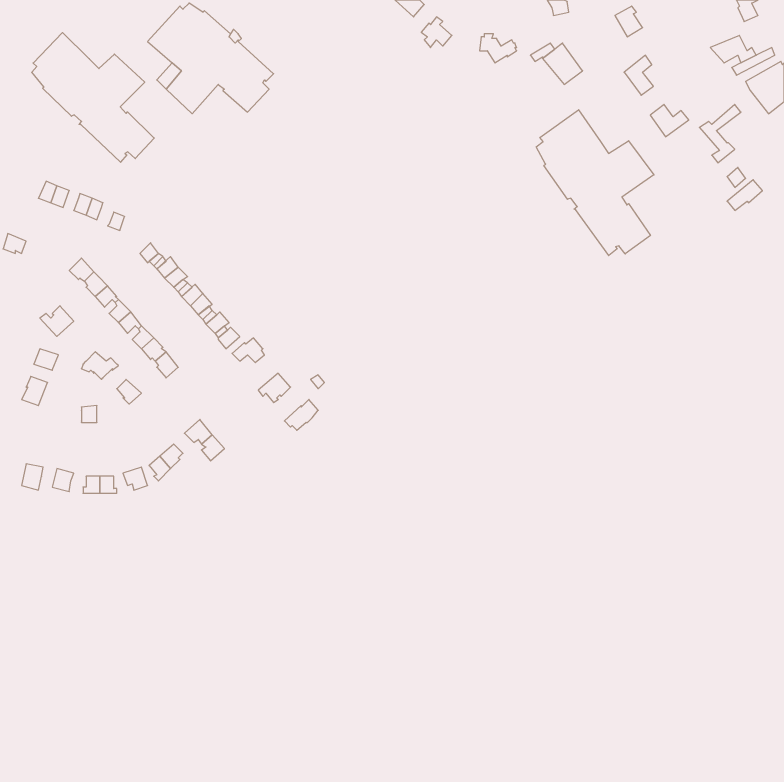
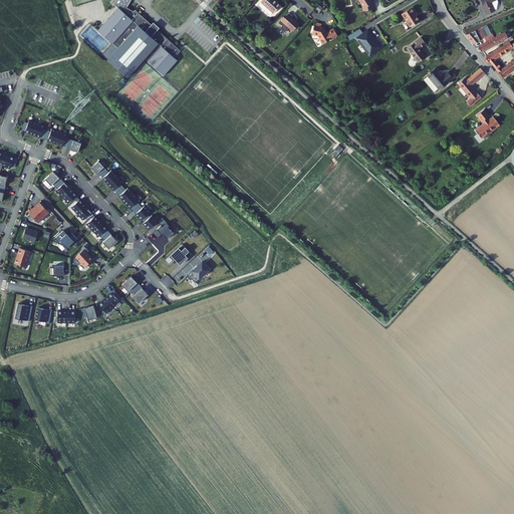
building: [32,33,154,162] -> none
building: [536,110,654,256] -> none

